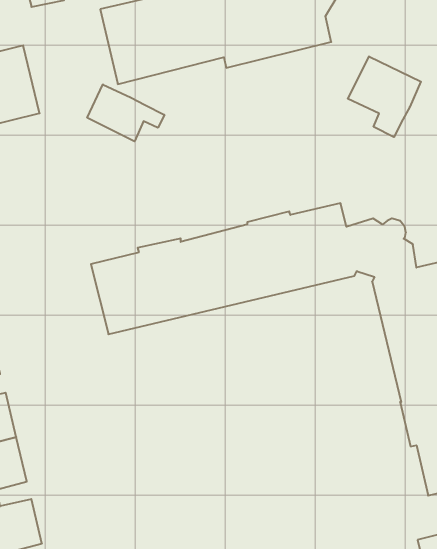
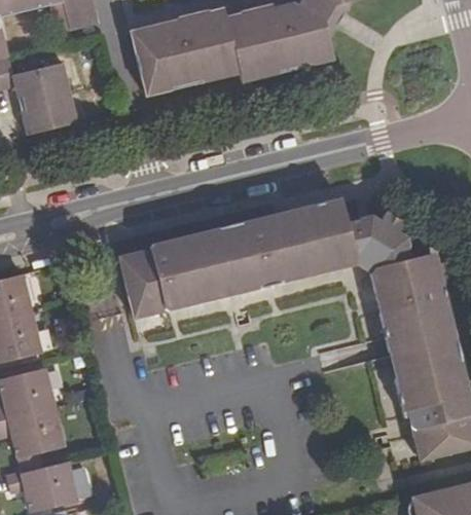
building: [348,56,421,137] -> none
building: [87,84,164,141] -> none

